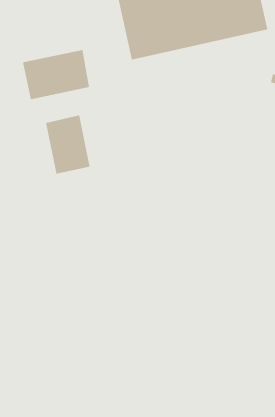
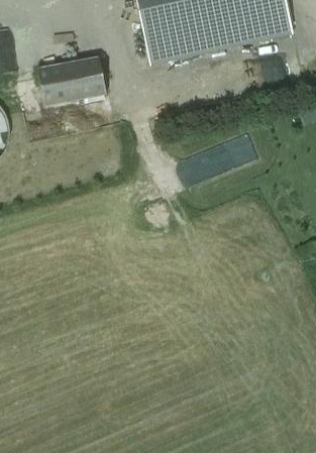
building: [46,115,90,174] -> none

